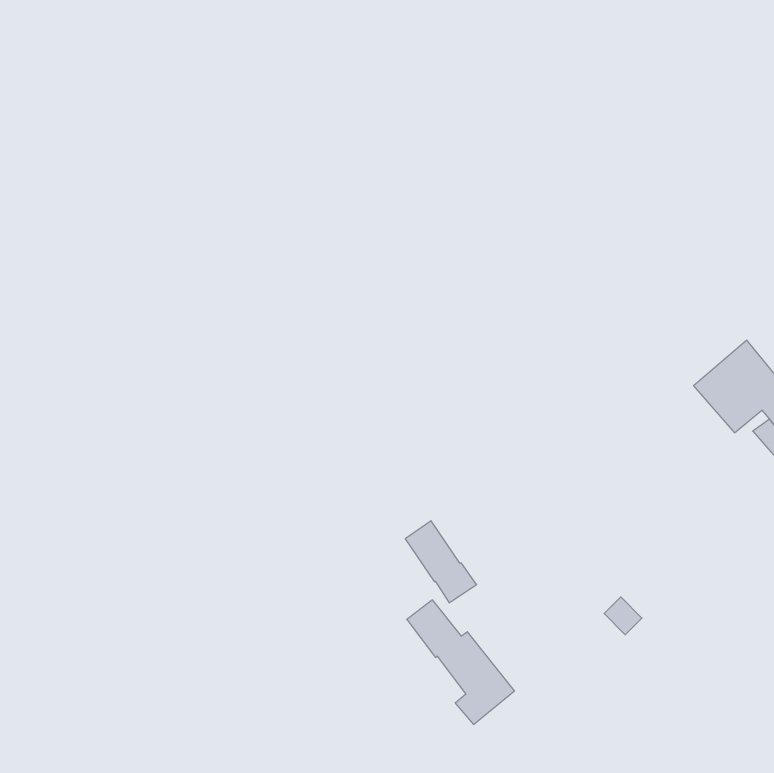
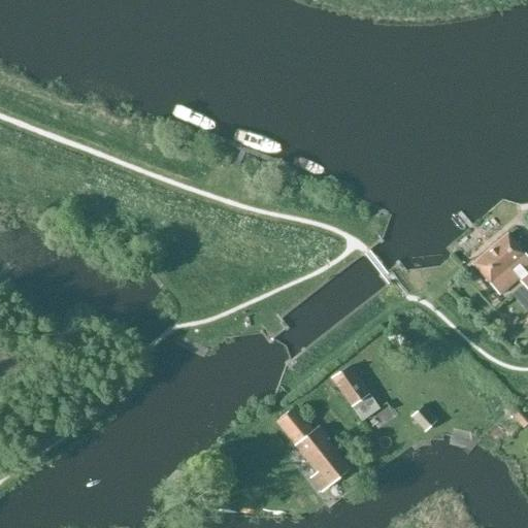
building: [405,521,477,603] -> [332,364,381,420]

